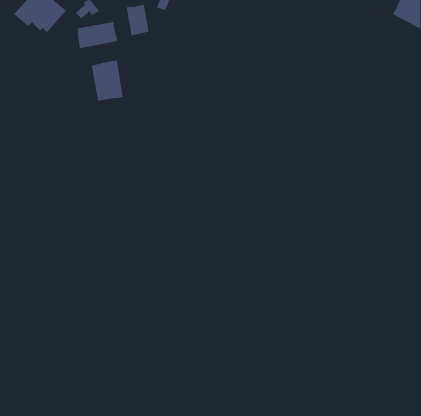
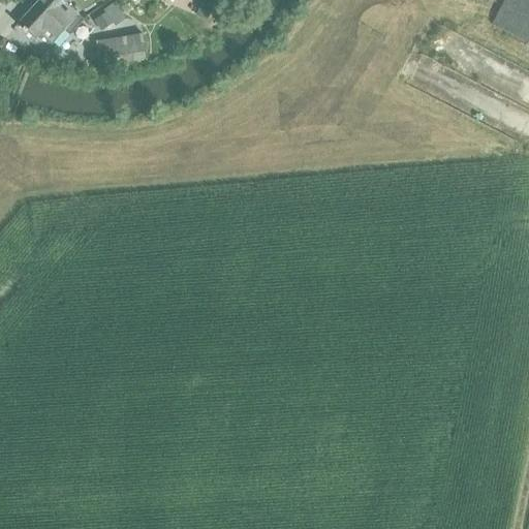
building: [126,4,149,36] -> none
building: [91,59,123,102] -> none

